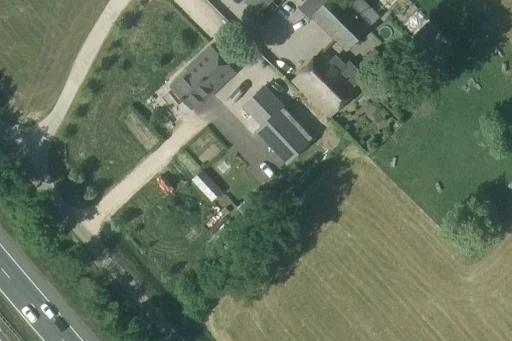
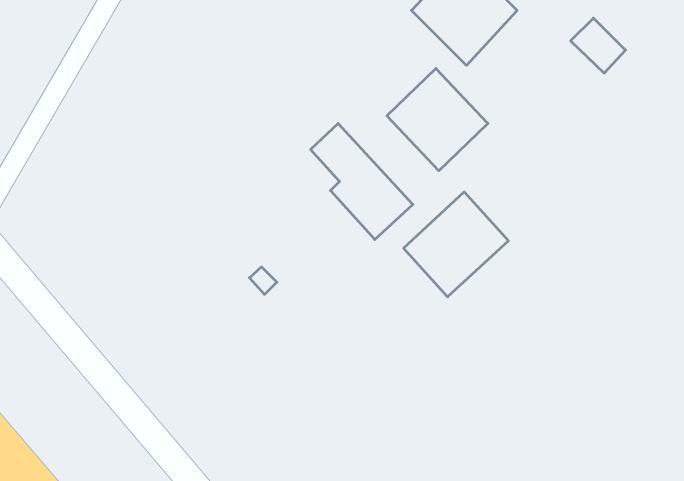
building: [180,43,245,107] -> none
building: none -> [404,192,508,297]

